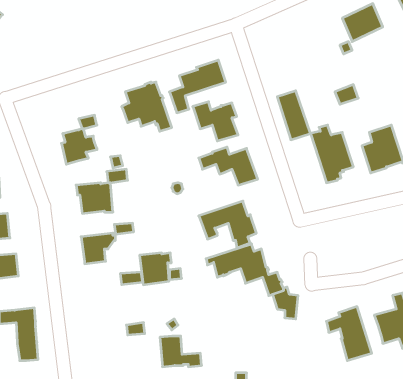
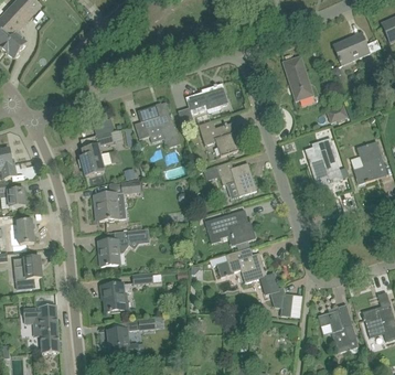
building: [277,91,310,140] -> [282,55,312,99]
building: [140,253,171,285] -> [102,282,130,311]
building: [160,336,202,367] -> [107,328,145,355]

